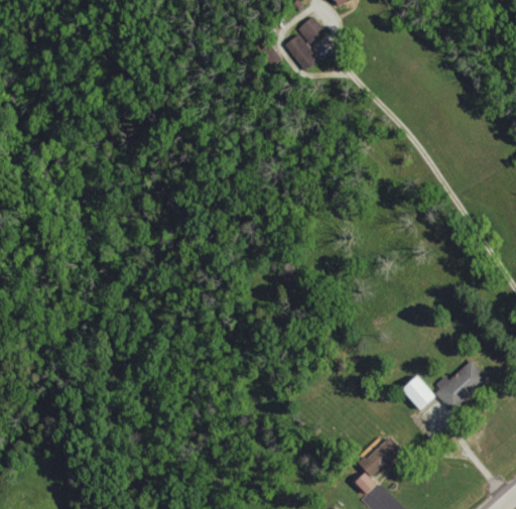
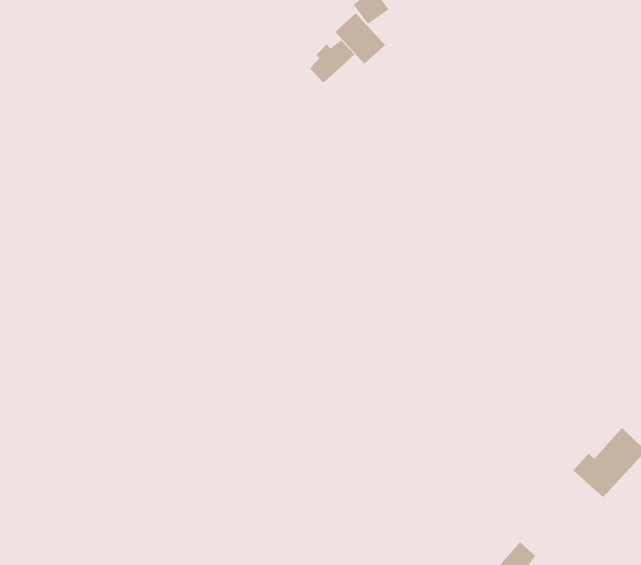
building: none -> [309,40,355,84]
building: [402,376,435,410] -> none

